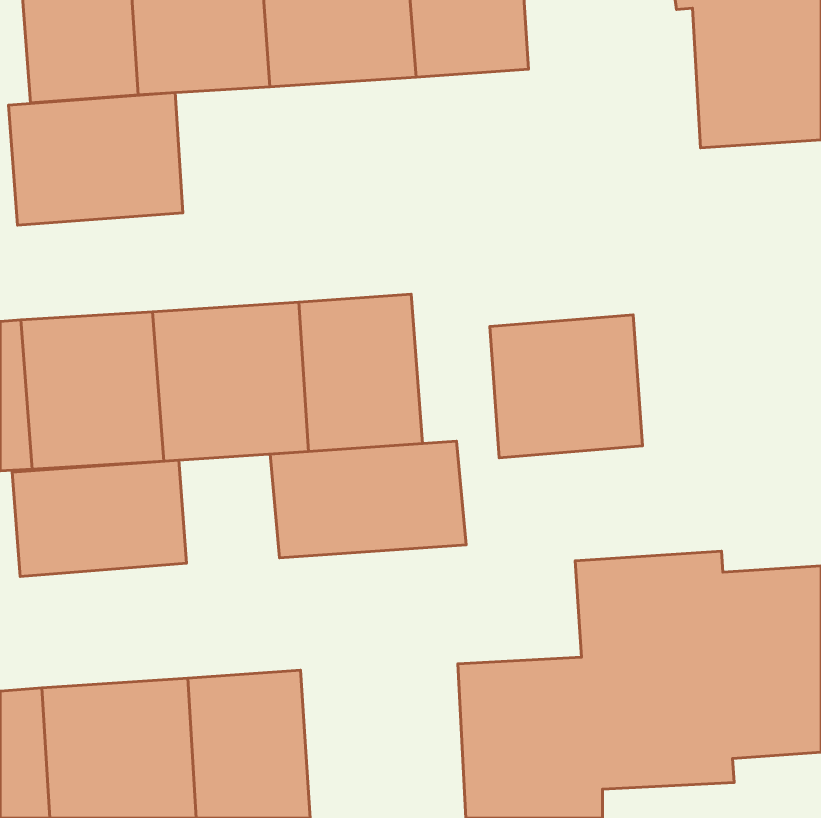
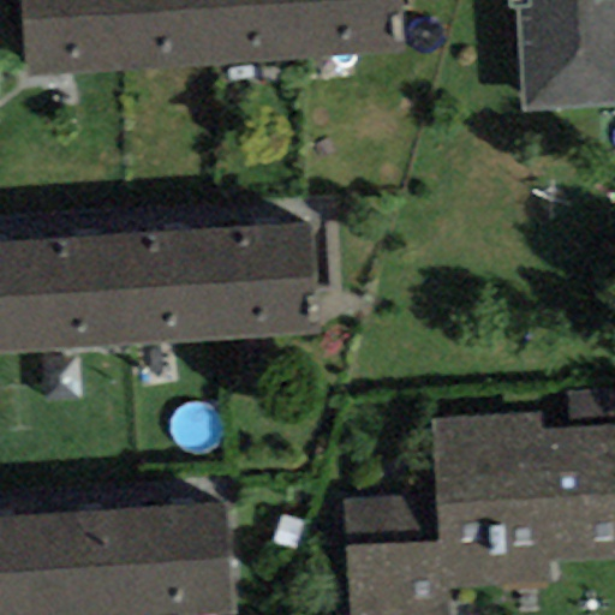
building: [8,93,183,225] -> none
building: [490,315,642,458] -> none
building: [270,441,466,558] -> none
building: [12,460,187,577] -> none

